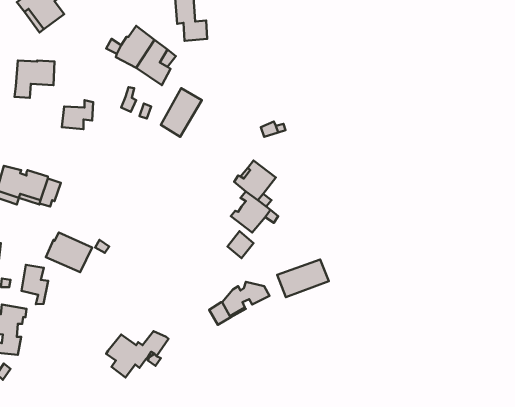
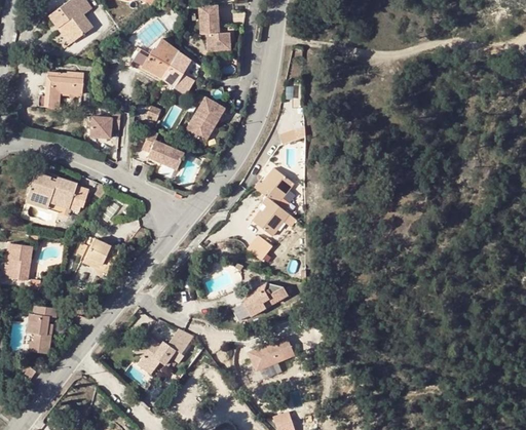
building: none -> [142,131,184,170]
building: [277,260,329,297] -> [248,335,297,370]
building: [22,265,48,304] -> none

